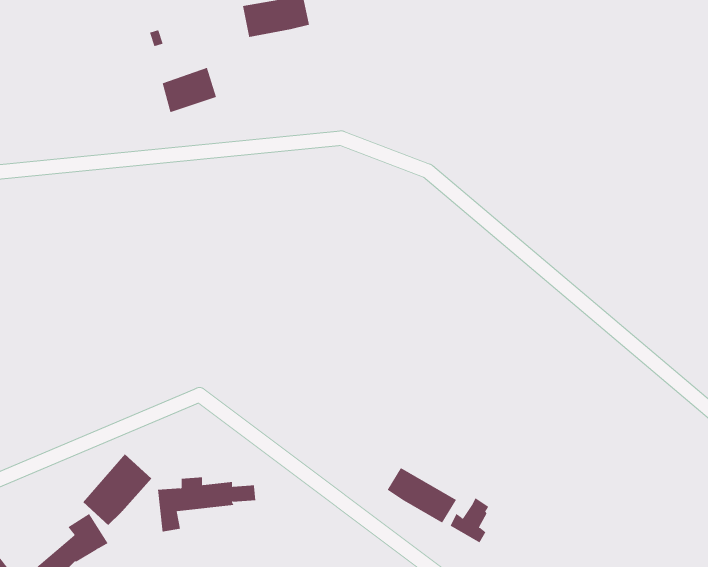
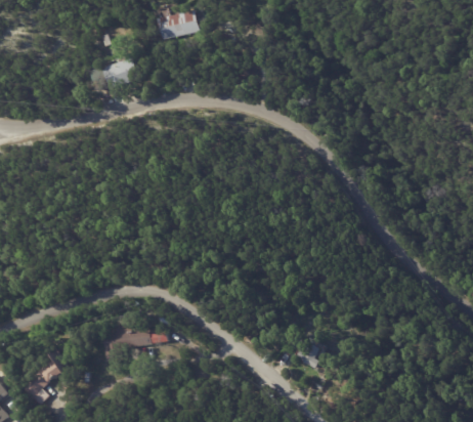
building: [82,454,152,526] -> none
building: [387,467,457,523] -> none

